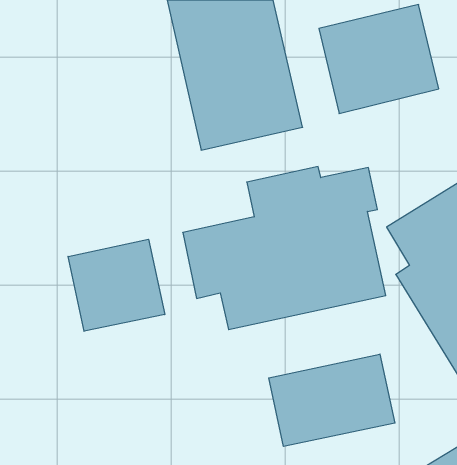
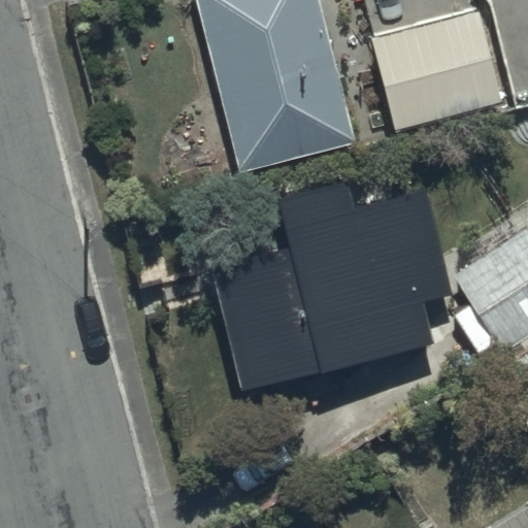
building: [68,239,165,331] -> none
building: [269,354,395,446] -> none

